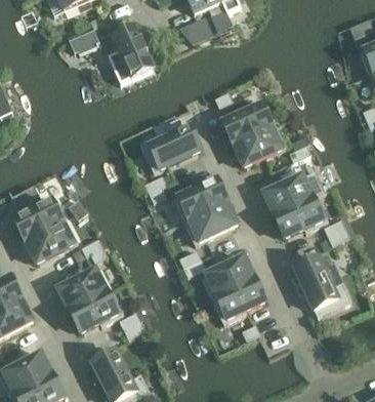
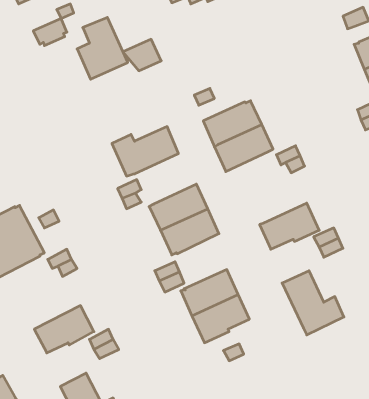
building: [179,15,214,44] -> [123,39,161,71]
building: [263,173,317,215] -> none
building: [57,268,111,311] -> none

